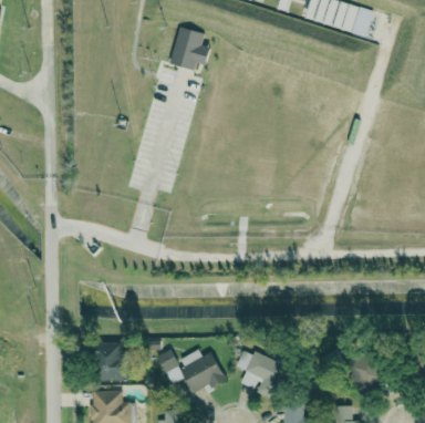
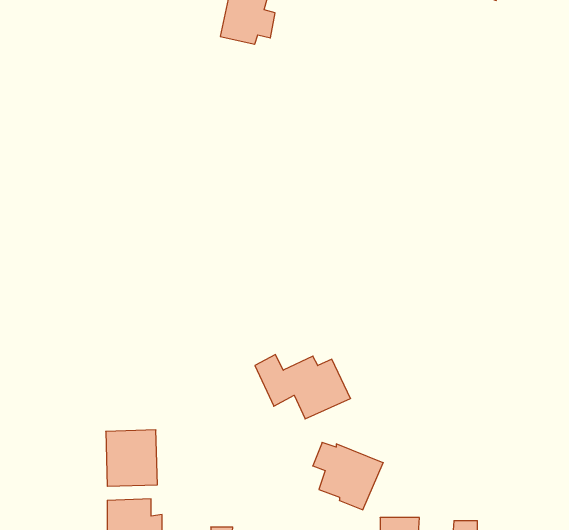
building: [157,348,225,393] -> [255,355,351,419]
building: [346,355,385,394] -> none

